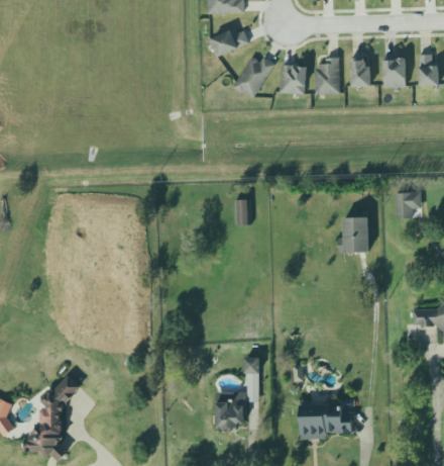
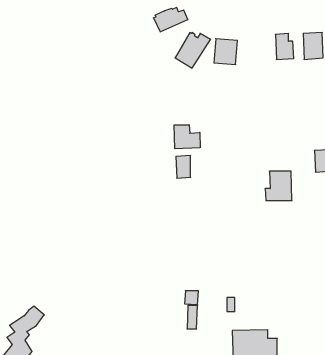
building: [314,58,339,94] -> none
building: none -> [174,125,200,149]
building: [214,392,245,429] -> none

